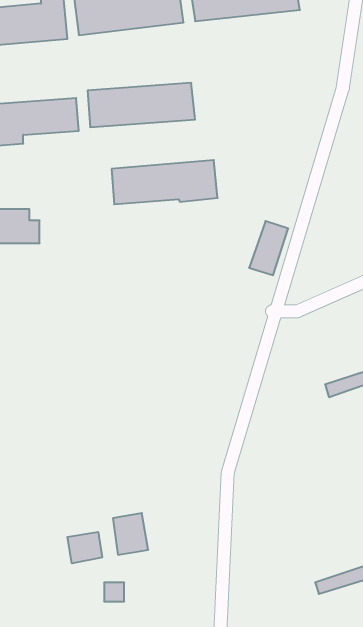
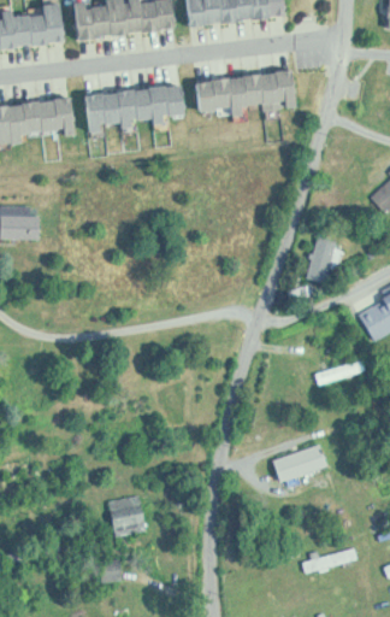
building: [112,160,218,204] -> [197,71,299,113]
building: [249,221,288,275] -> [303,233,341,284]
building: none -> [272,443,329,482]
building: [67,532,102,563] -> none

